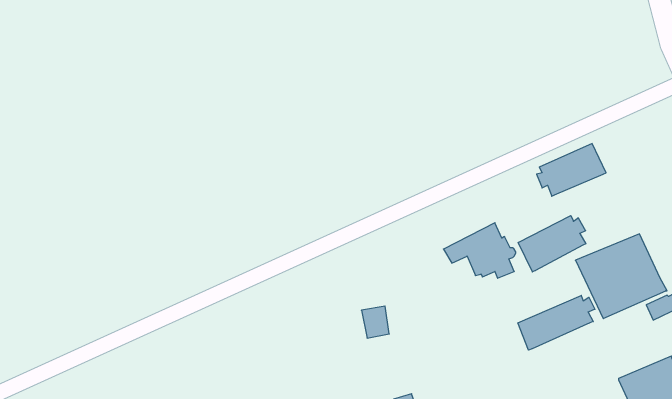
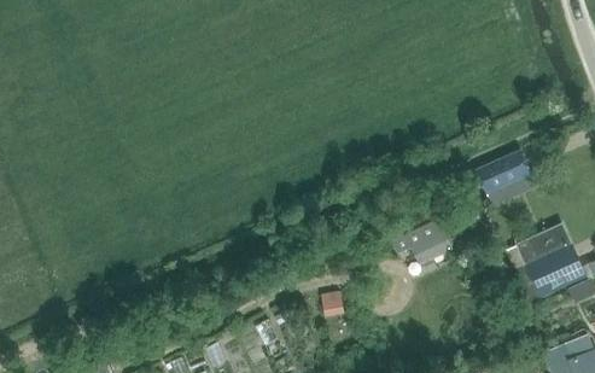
building: [518,216,586,272] -> none
building: [518,295,595,350] -> none

